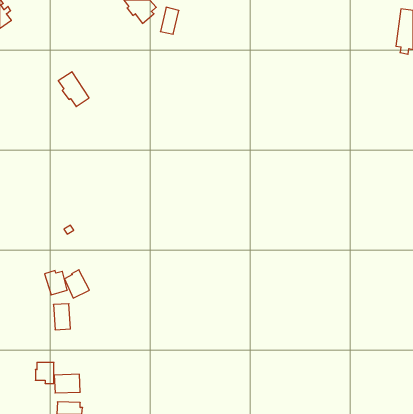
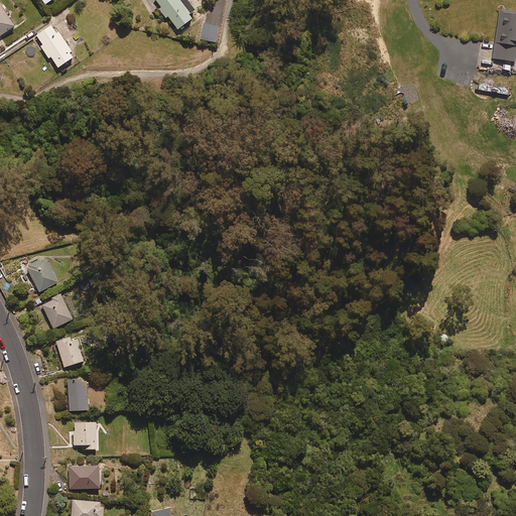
building: [58,72,89,107] -> [35,23,74,67]
building: none -> [25,258,57,291]
building: [64,270,89,298] -> [41,293,73,329]
building: [35,362,54,383] -> [73,422,96,448]

